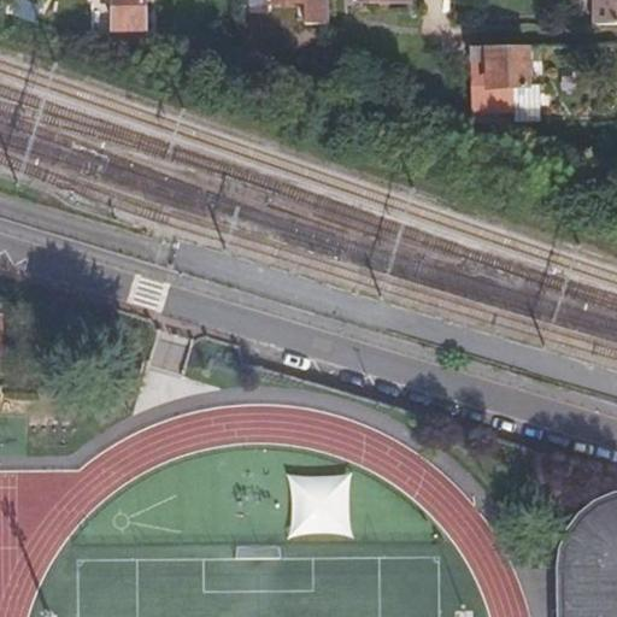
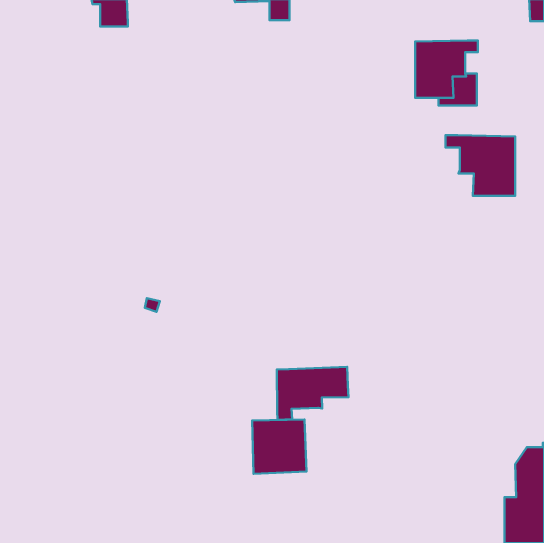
building: none -> [446,135,515,196]
building: none -> [277,367,348,420]

